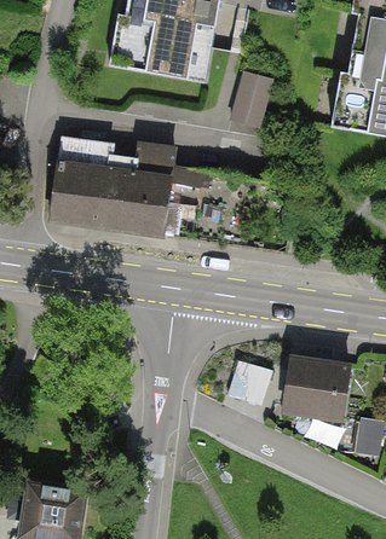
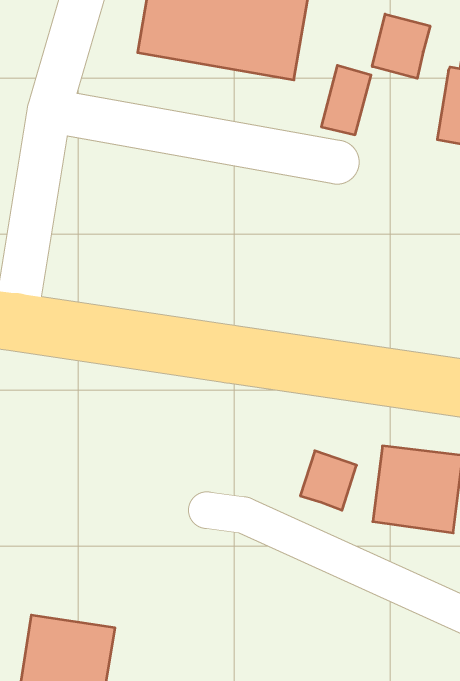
building: none -> [372,14,430,78]
building: [48,143,177,236] -> none

